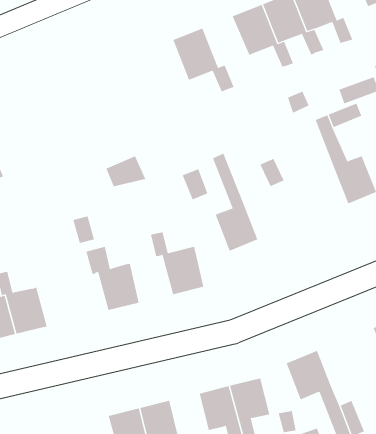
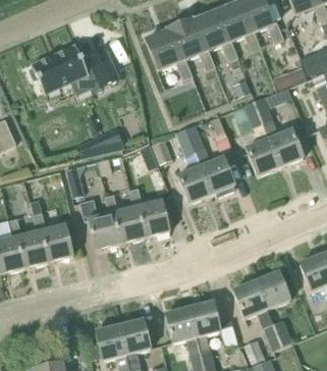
building: none -> [168,20,216,69]
building: none -> [29,45,118,94]
building: none -> [232,101,280,175]
building: none -> [184,122,233,194]
building: none -> [103,194,145,243]
building: none -> [32,201,72,261]
building: none -> [257,271,289,308]

